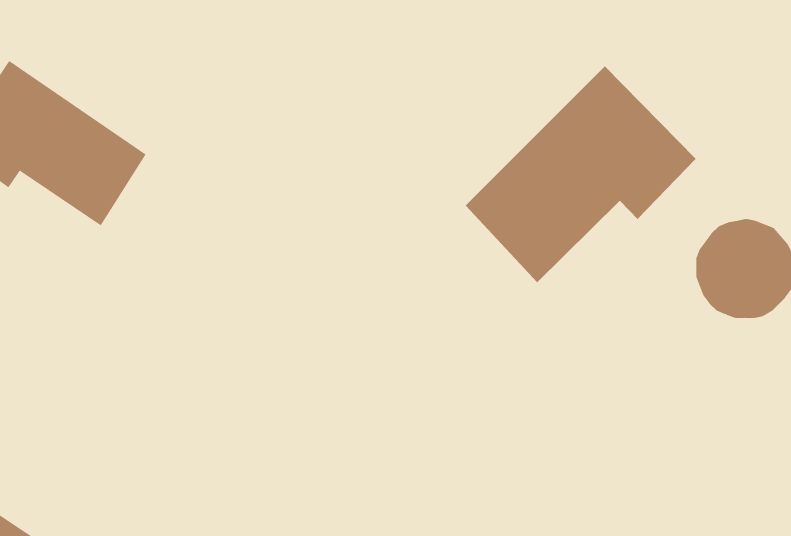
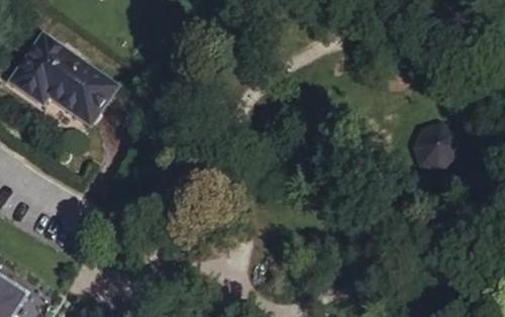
building: [465,66,697,283] -> none

